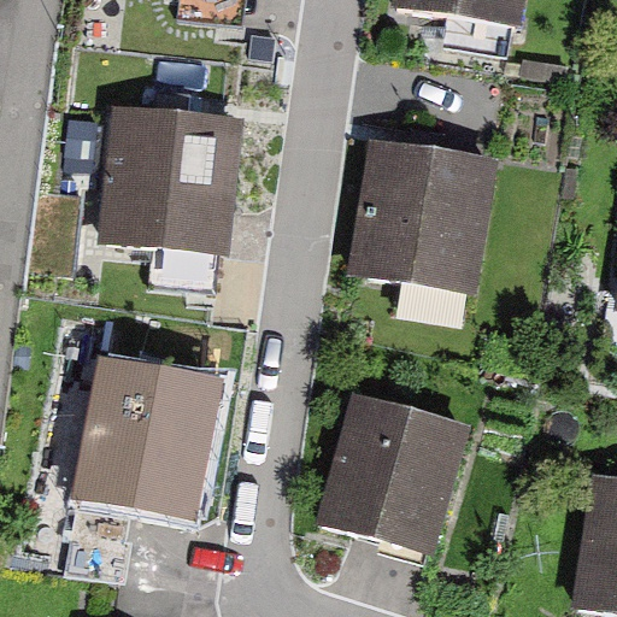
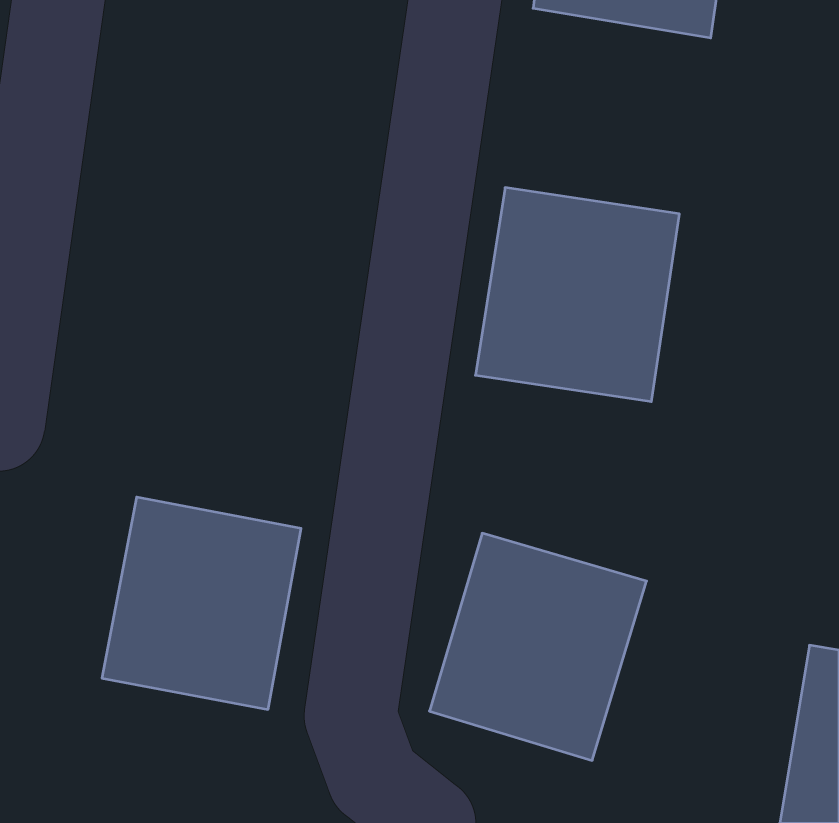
building: [99,104,245,258] -> none

